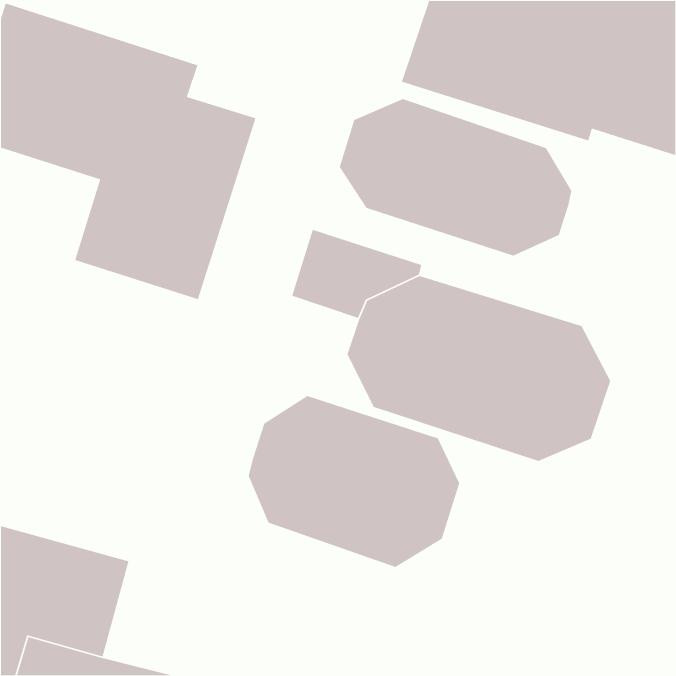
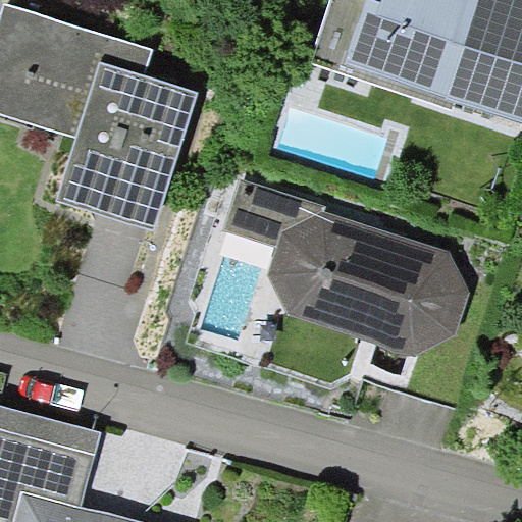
building: [339,98,572,256] -> none
building: [248,395,460,568] -> none

